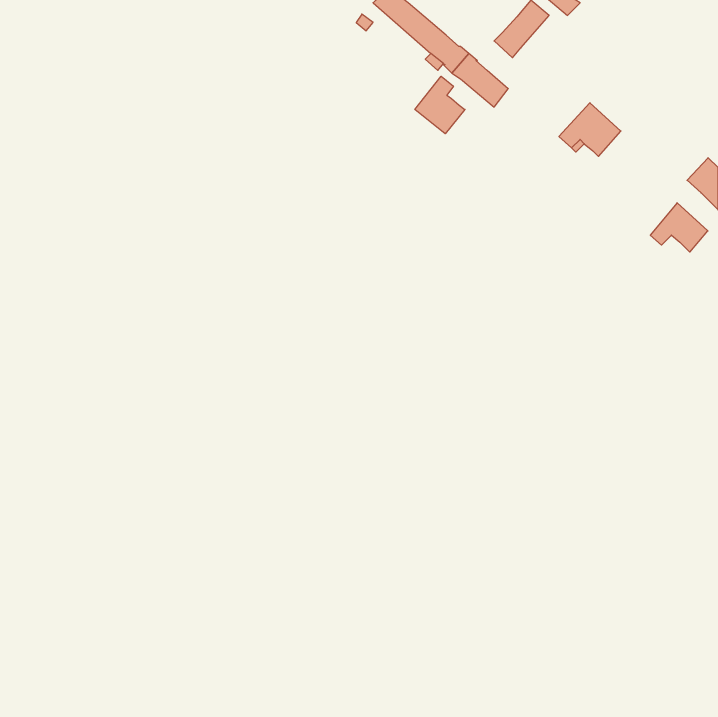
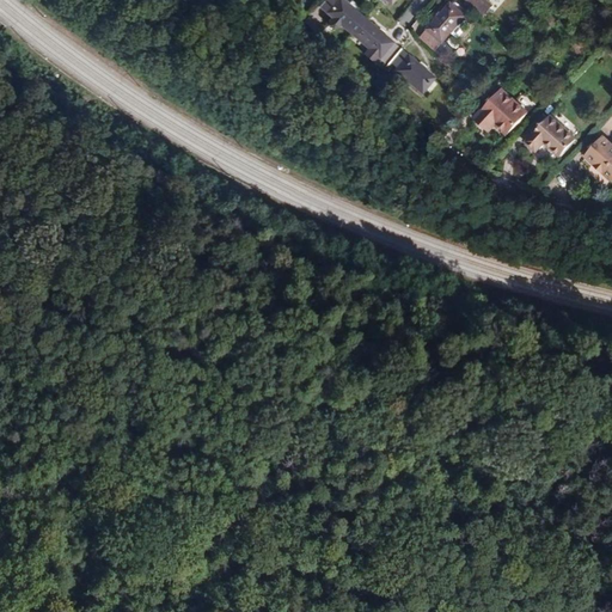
building: [415,76,465,134] -> none
building: [650,203,708,252] -> [526,112,575,154]

